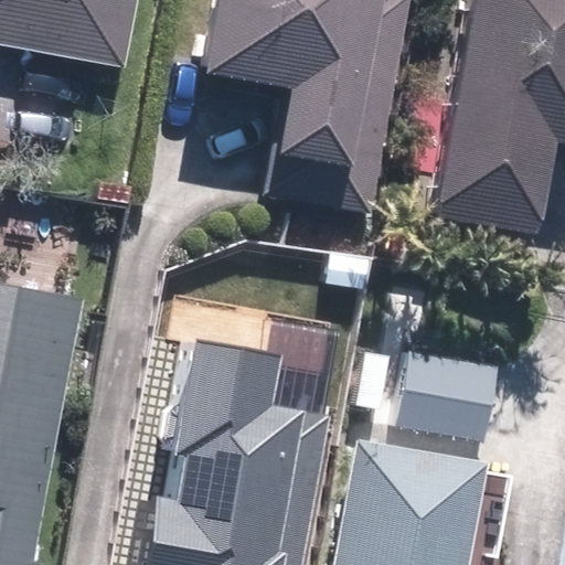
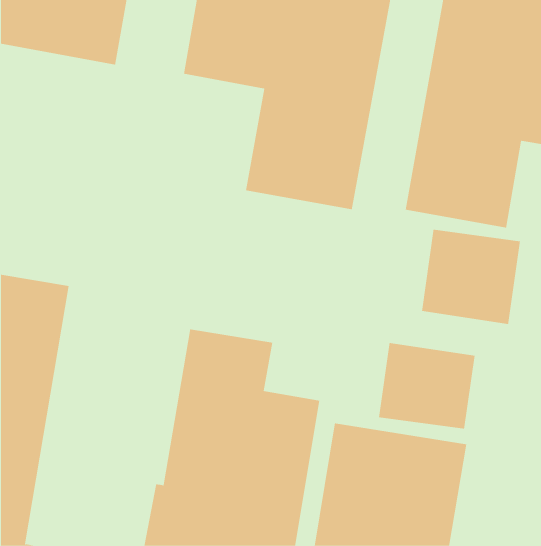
building: none -> [422,229,520,325]

